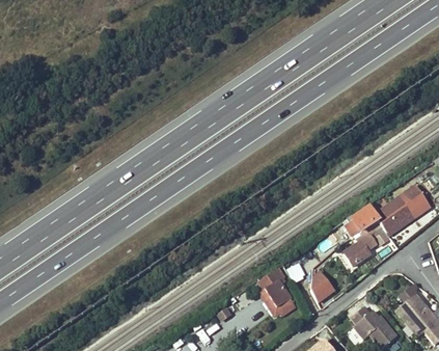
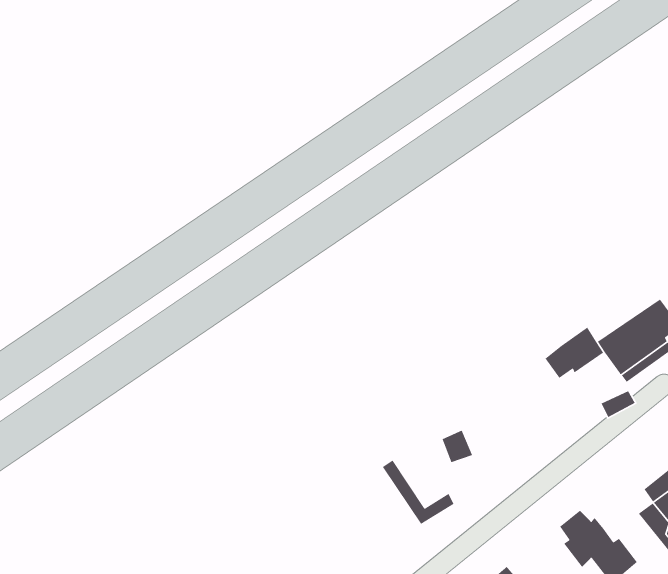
building: [345,234,378,266] -> none
building: [260,268,292,306] -> none
building: [306,270,334,301] -> none

